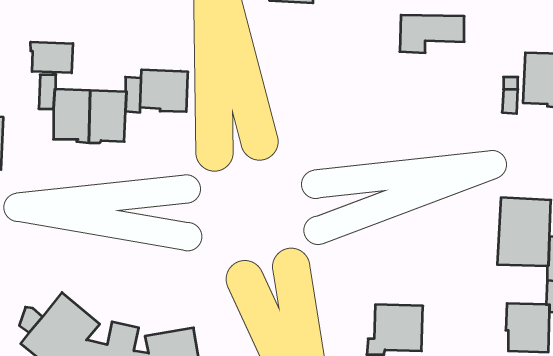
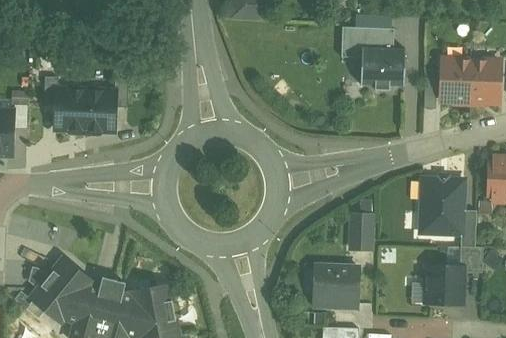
building: none -> [359,48,402,92]
building: [31,42,73,73] -> none
building: [140,70,188,112] -> none
building: none -> [350,214,371,248]

